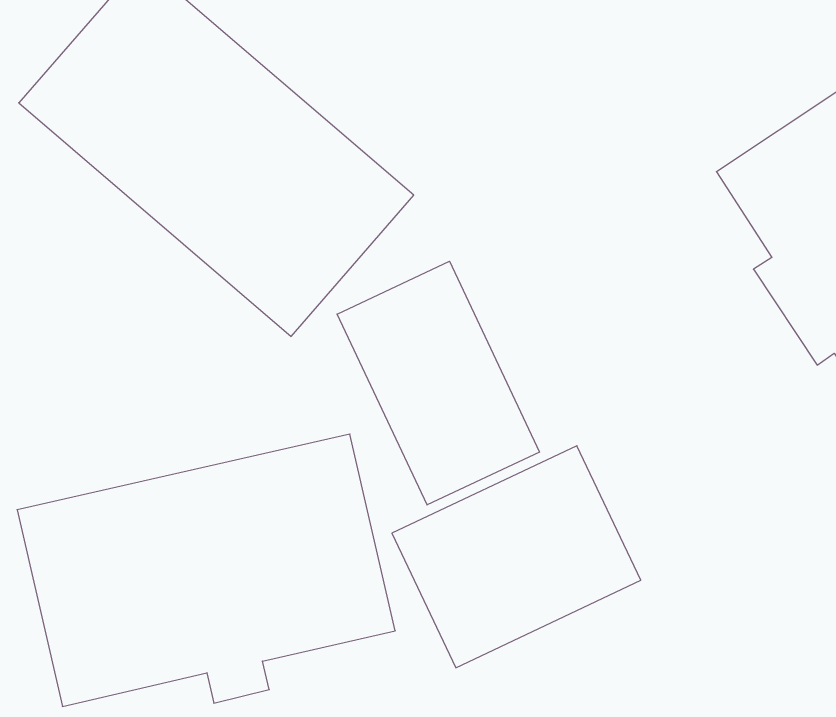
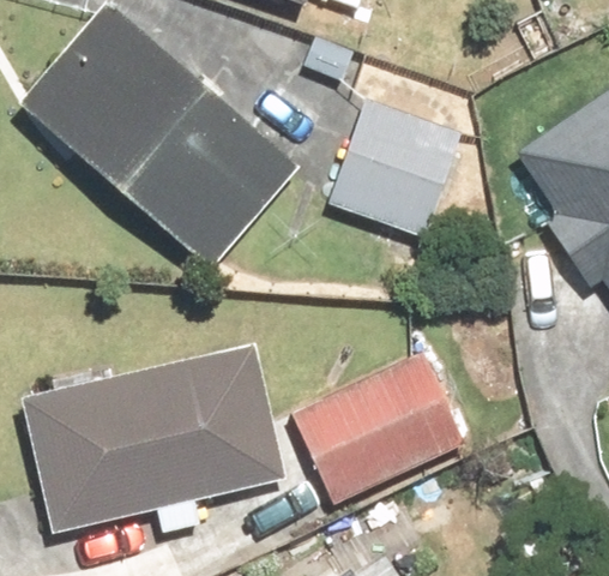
building: none -> [327,100,463,238]
building: [337,261,540,505] -> none

